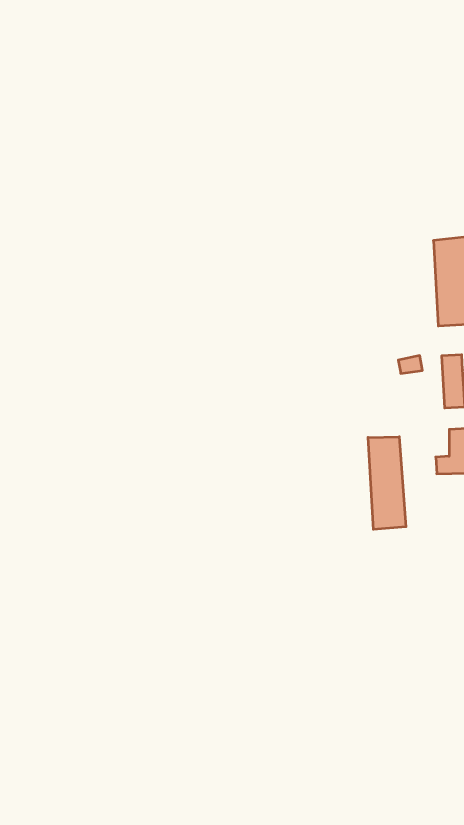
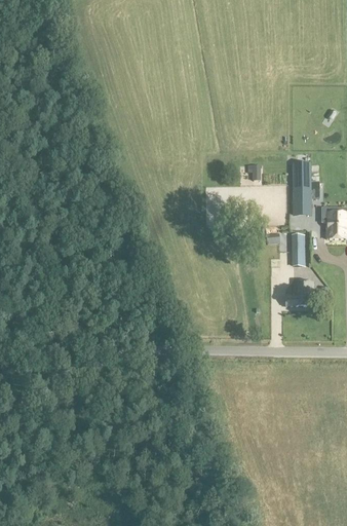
building: [368,437,406,529] -> none

